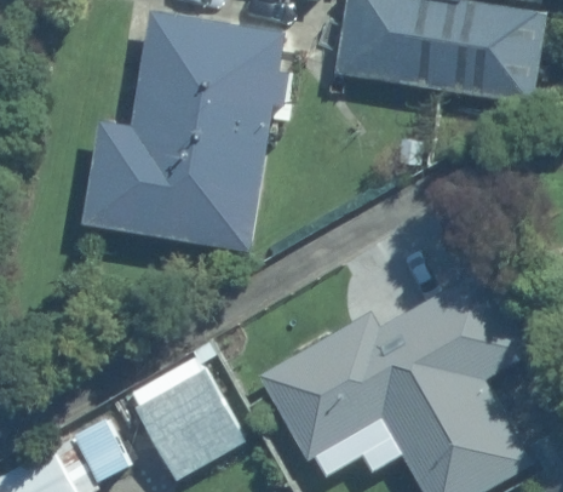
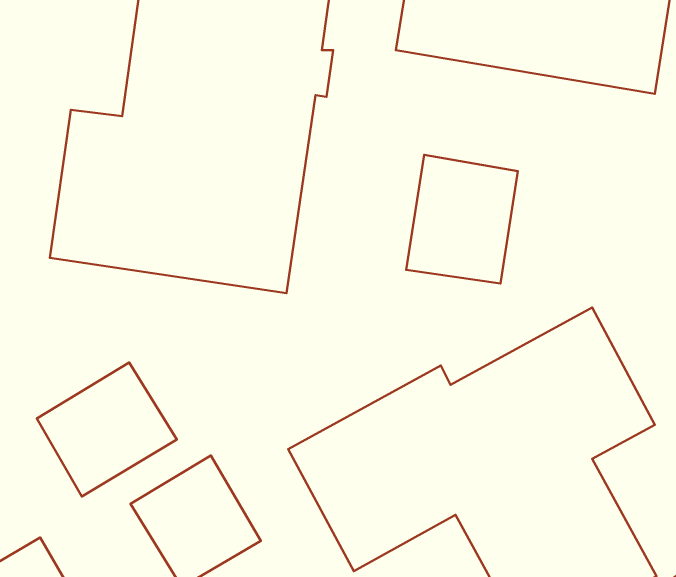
building: none -> [406,155,518,283]
building: none -> [37,362,177,496]

